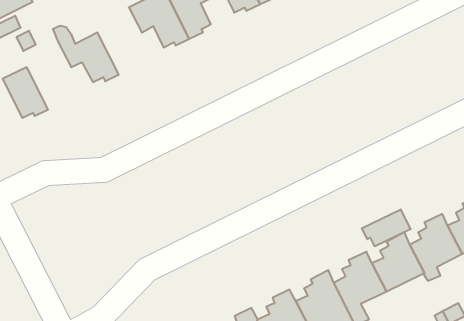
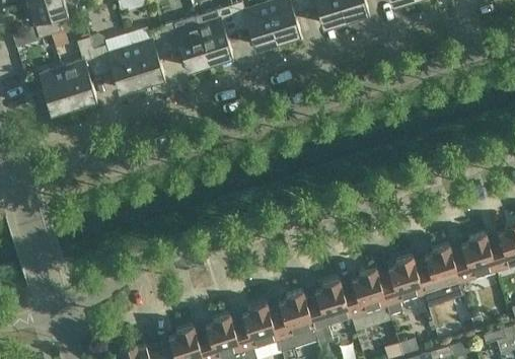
building: none -> [130,28,169,87]
building: none -> [62,38,101,109]
building: [362,209,411,246] -> none

